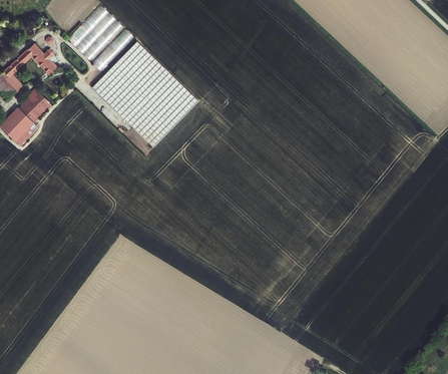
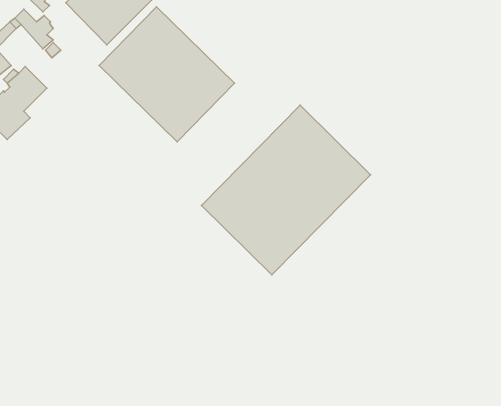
building: none -> [202,105,371,275]

